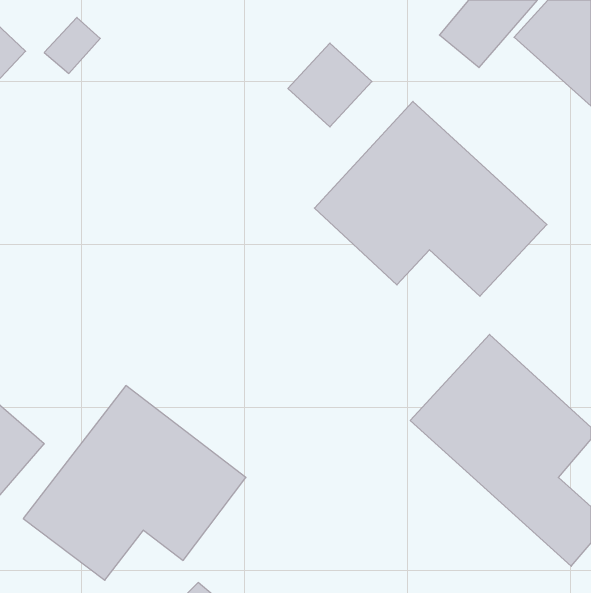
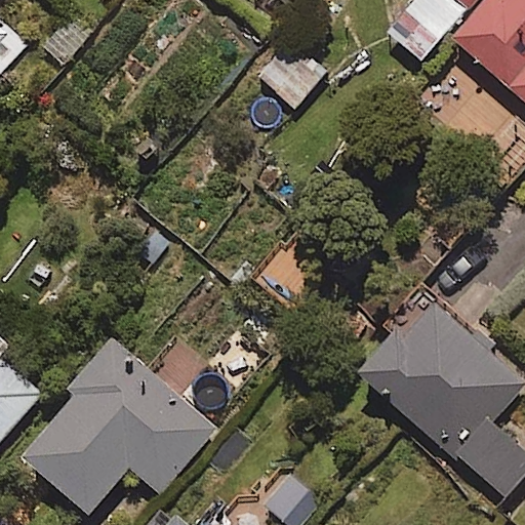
building: [314,101,547,296] -> none

